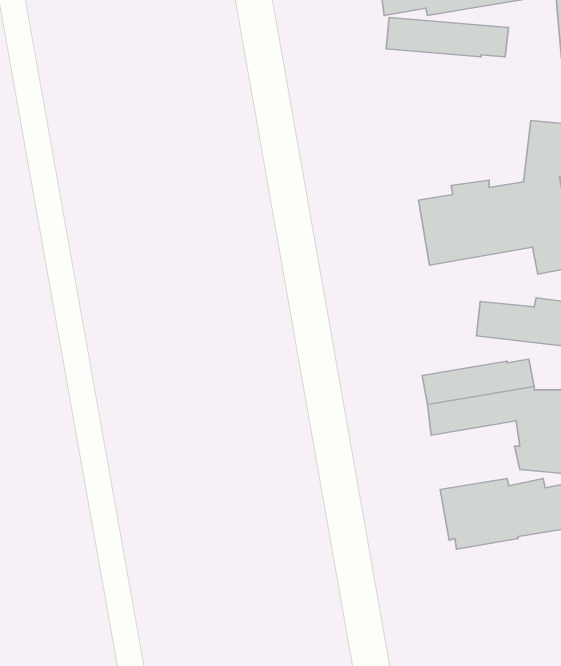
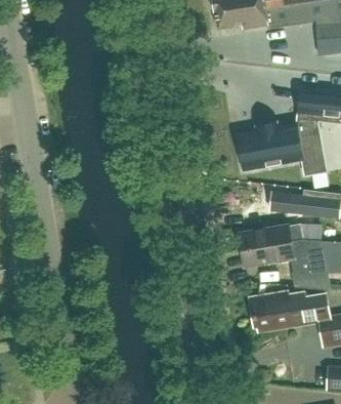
building: [386,18,509,57] -> none

